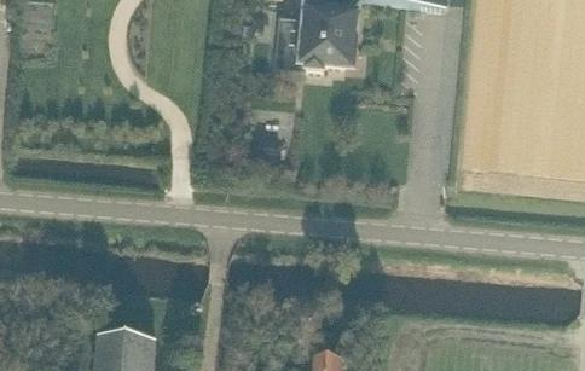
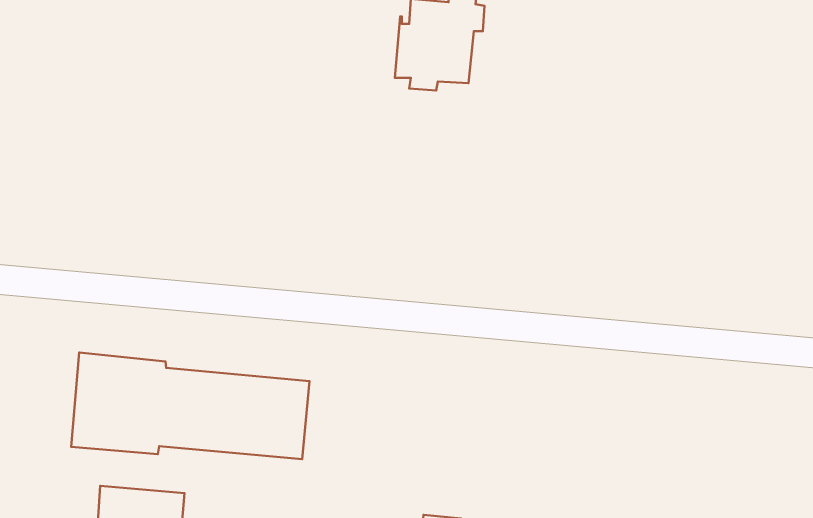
building: none -> [71,352,309,459]

